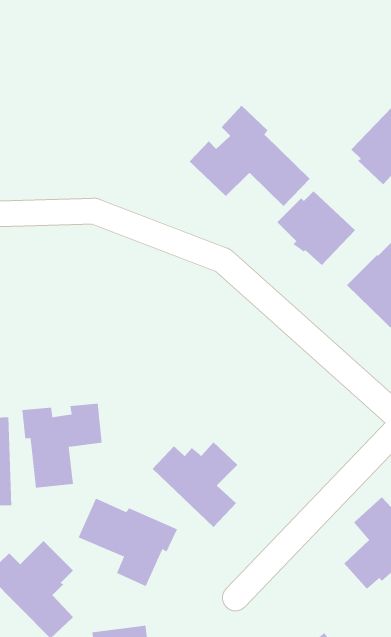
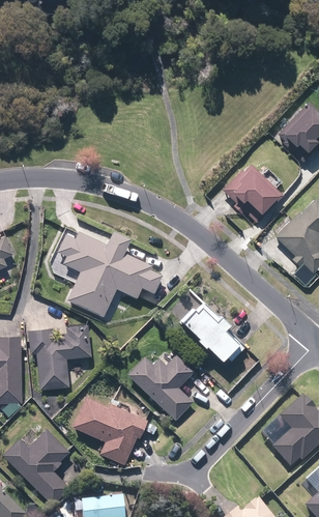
building: [189,105,310,207] -> none
building: none -> [57,231,161,317]
building: none -> [179,301,243,362]

